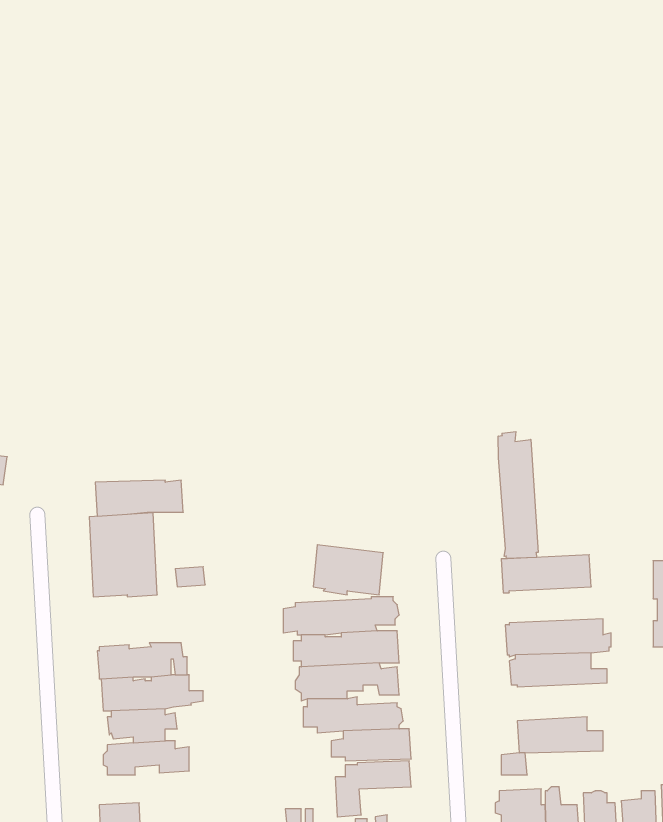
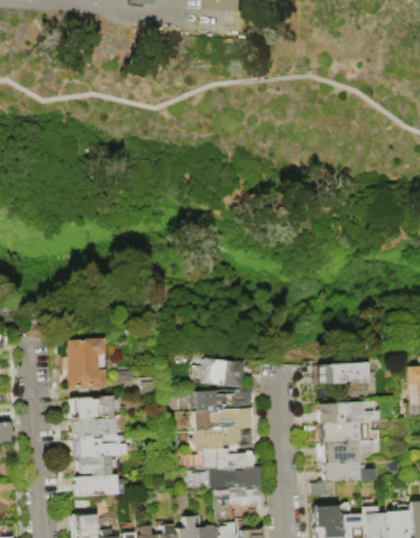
building: [498,432,538,559] -> none
building: [95,480,183,516] -> [70,397,123,418]
building: none -> [322,440,381,463]

